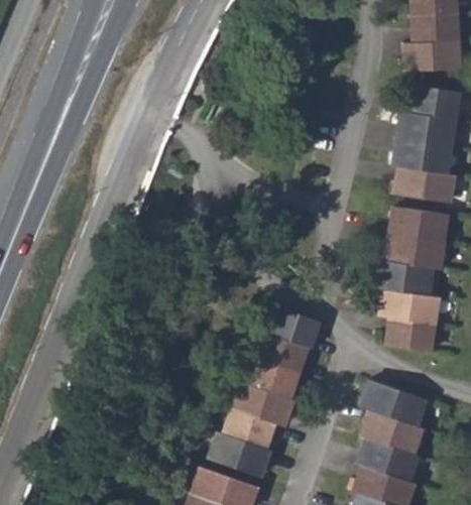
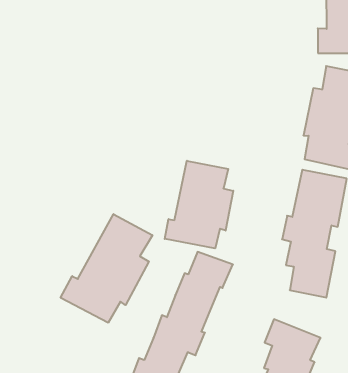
building: none -> [165,161,233,248]
building: none -> [61,214,152,323]

